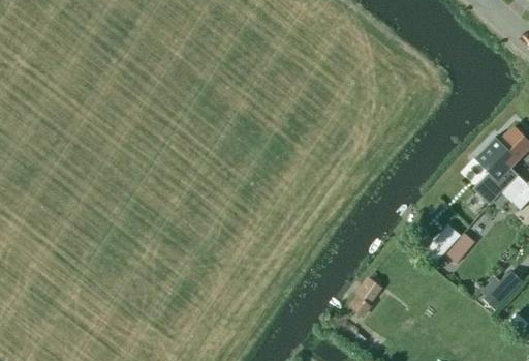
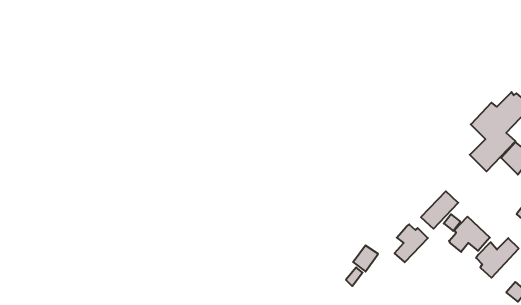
building: none -> [449,217,490,252]
building: none -> [395,224,428,262]

